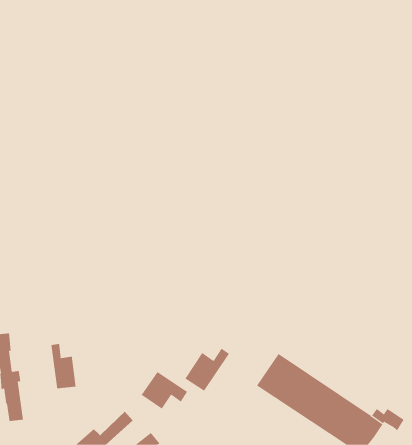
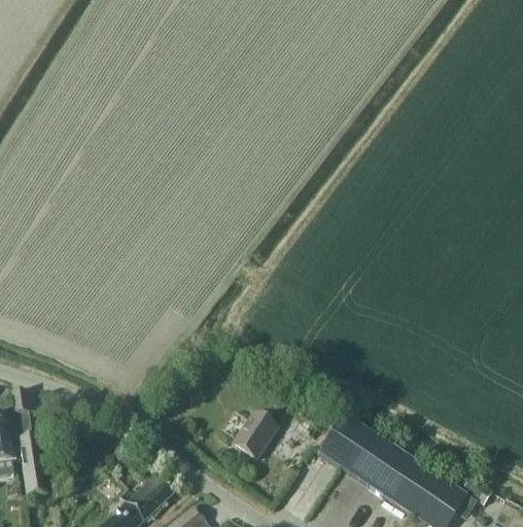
building: [51,343,76,389] -> none
building: [141,371,188,410] -> none

